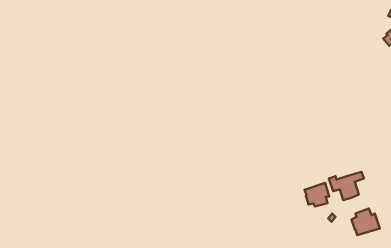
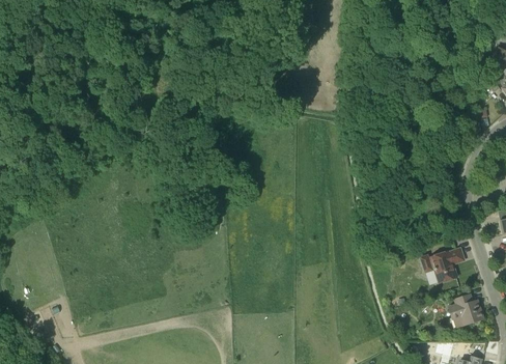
building: [305,183,329,206] -> none

